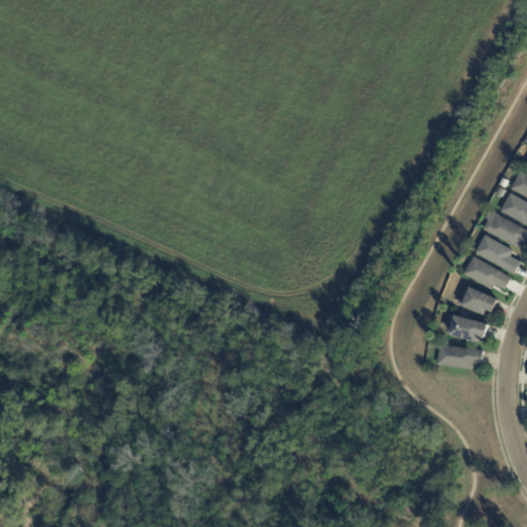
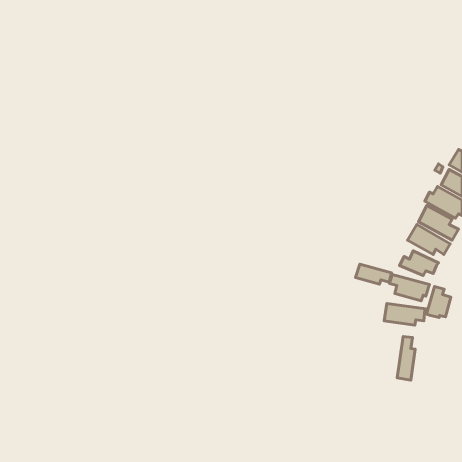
building: none -> [356,264,391,284]
building: none -> [426,287,451,318]
building: none -> [397,337,415,380]

